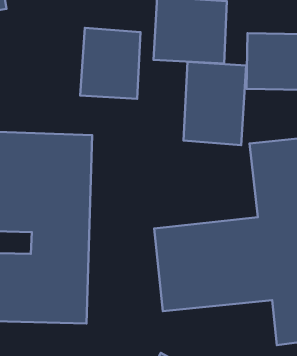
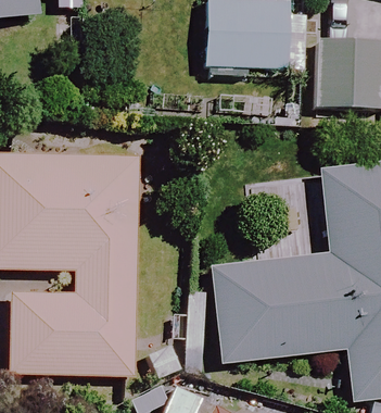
building: [80,28,141,99] -> none
building: [183,62,246,145] -> none

